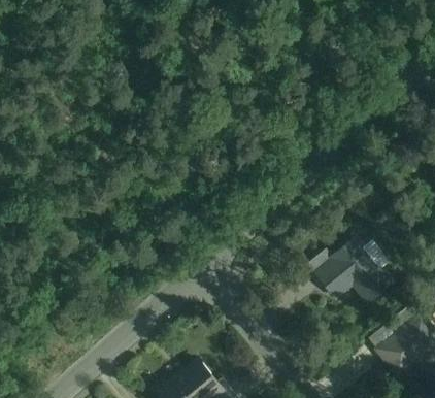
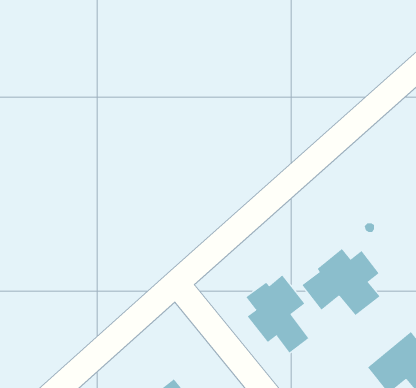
building: none -> [246,275,309,354]

